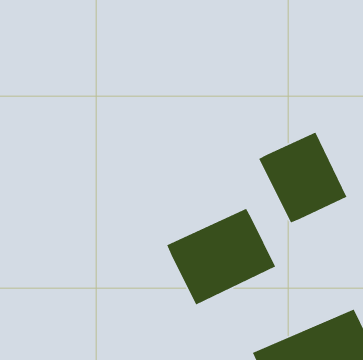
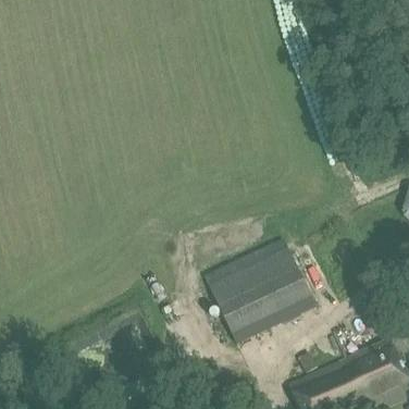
building: [258,131,348,224] -> none

